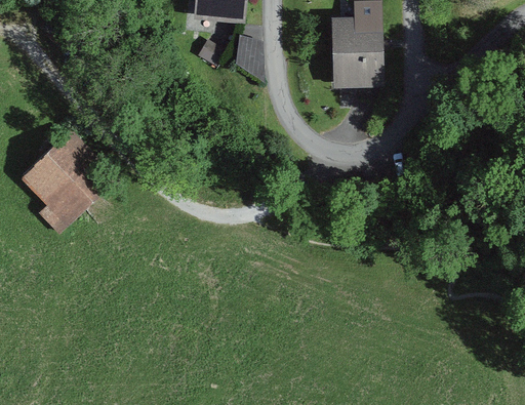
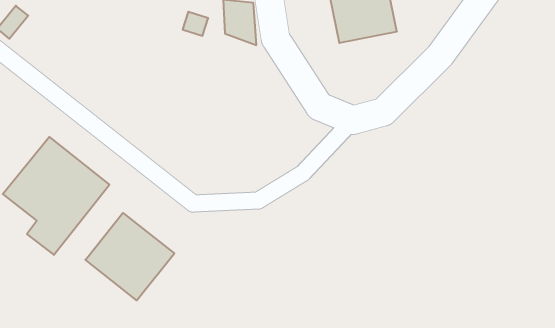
building: none -> [85,213,174,300]

